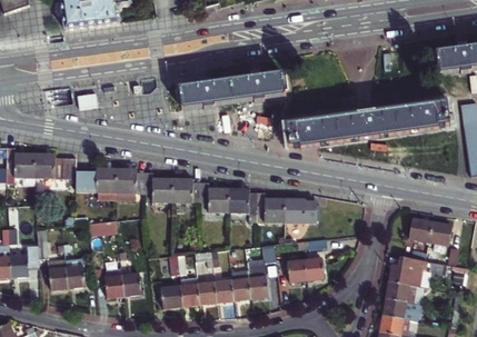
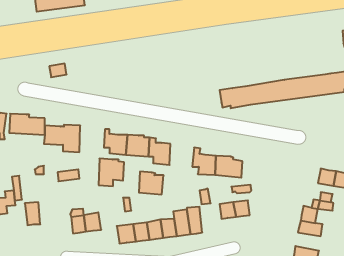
building: [179,73,286,109] -> none
building: [116,167,147,200] -> [99,159,124,186]
building: [226,189,256,217] -> [139,172,164,194]
building: [66,258,85,287] -> none
building: [379,297,420,320] -> none

